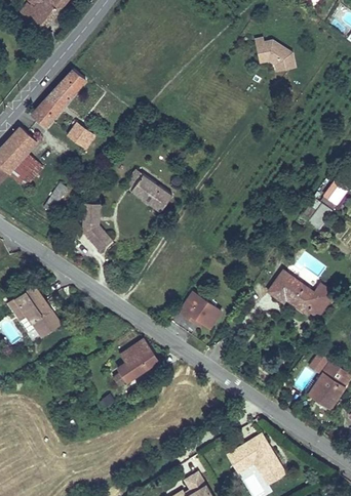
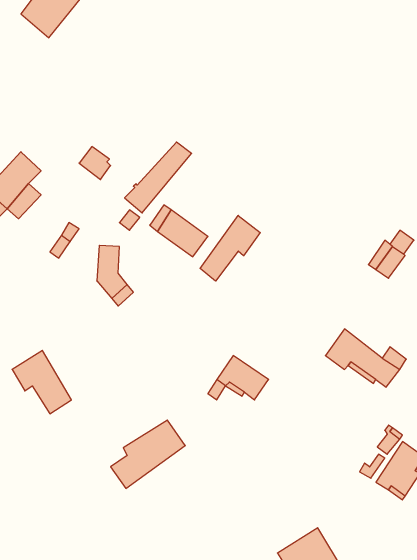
building: [255,38,296,71] -> none
building: [31,69,85,126] -> [125,142,192,213]
building: none -> [200,215,260,281]

